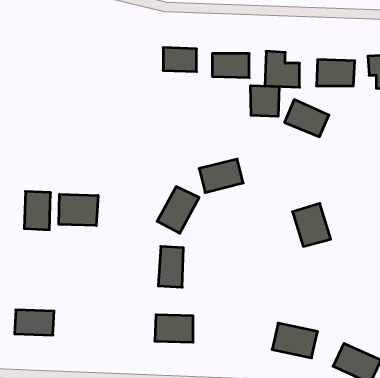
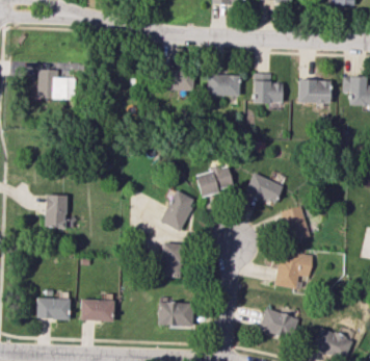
building: none -> [37,69,76,99]
building: [251,86,279,116] -> none
building: [285,100,329,137] -> [245,173,284,205]
building: [59,194,98,226] -> none
building: none -> [275,251,314,289]
building: none -> [80,299,114,321]

